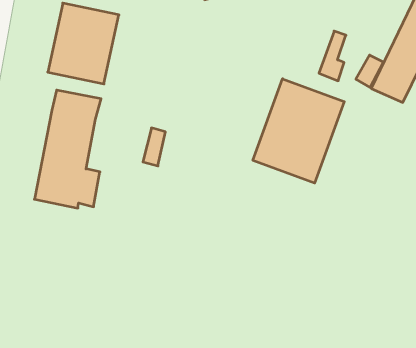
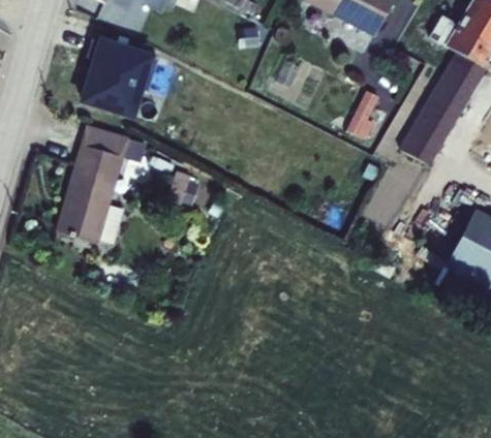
building: [253,79,344,183] -> none

